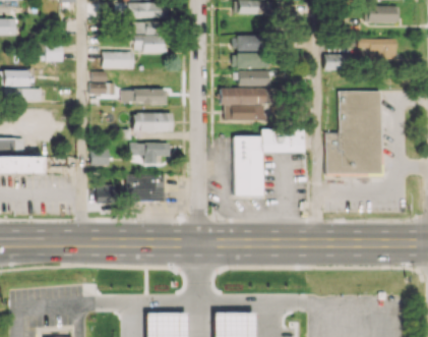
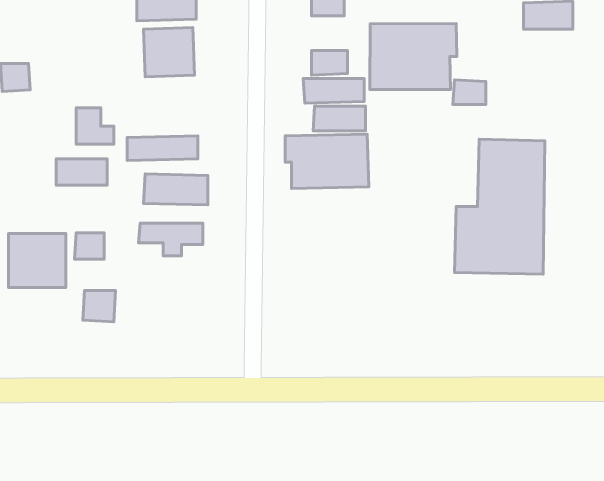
building: none -> [370,24,457,89]
building: [359,39,396,60] -> none
building: [103,52,134,68] -> [56,159,107,185]
building: [234,128,304,195] -> none
building: none -> [8,233,66,288]
building: [127,173,165,201] -> none

